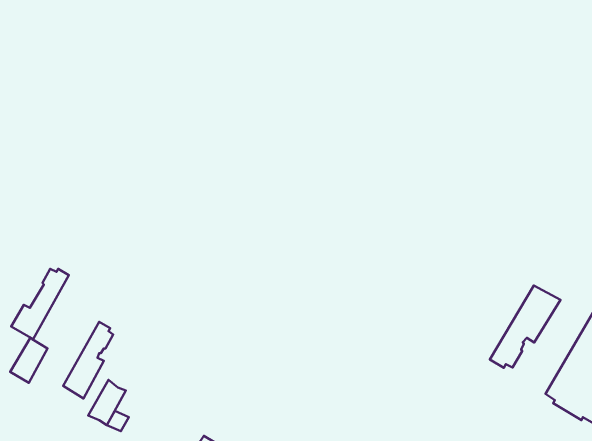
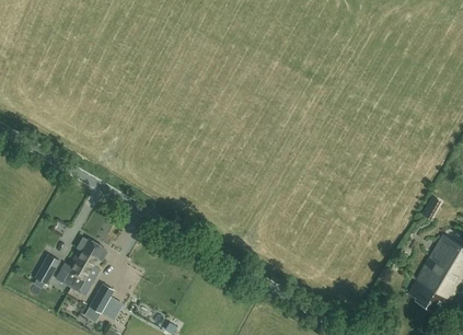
building: [11,269,69,339] -> [55,238,95,287]
building: [490,285,561,368] -> none

